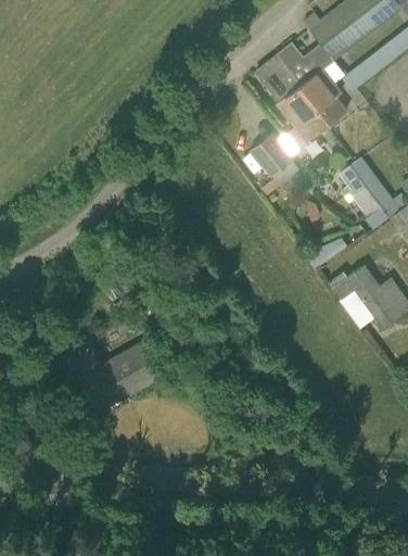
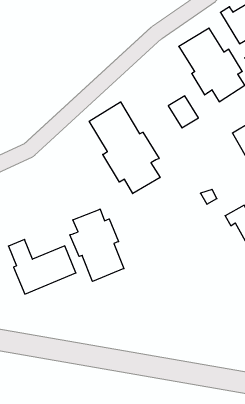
building: none -> [89,102,160,194]
building: none -> [70,209,124,281]

